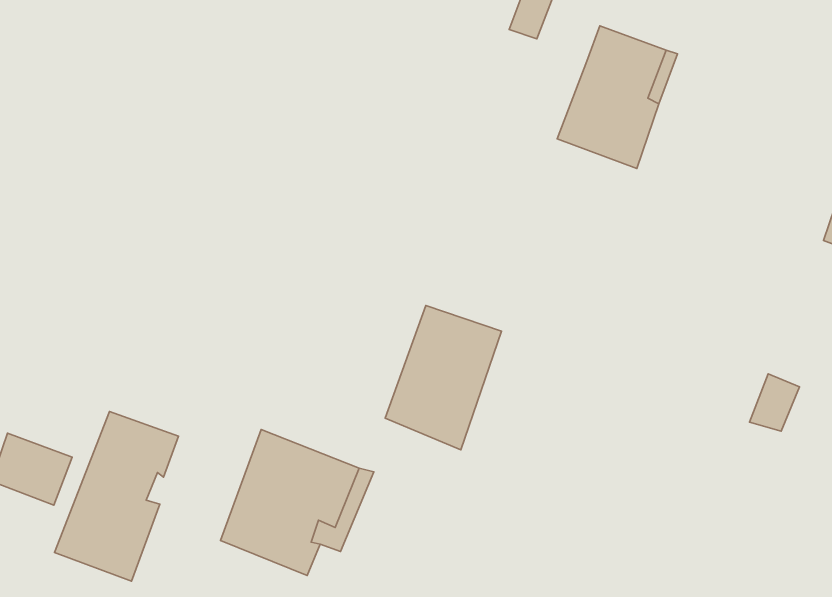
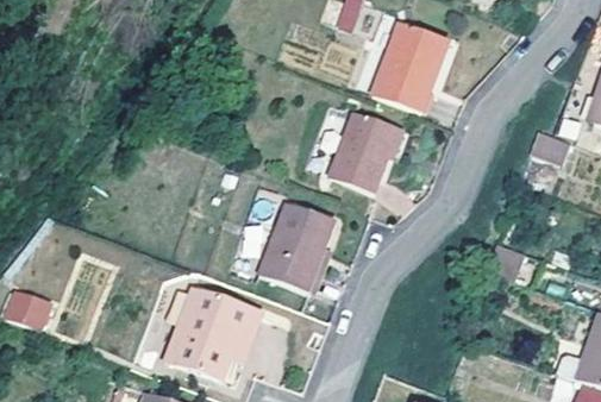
building: none -> [332,112,399,191]
building: [54,411,178,581] -> none

